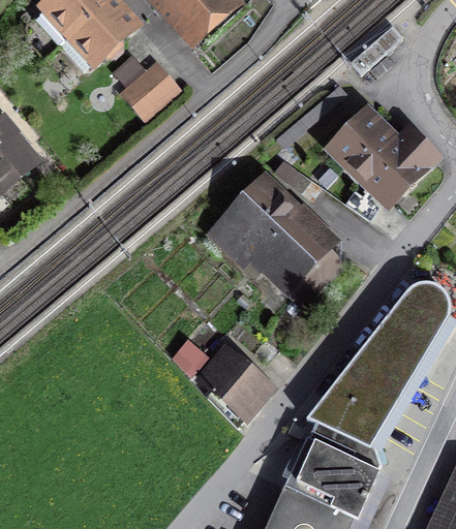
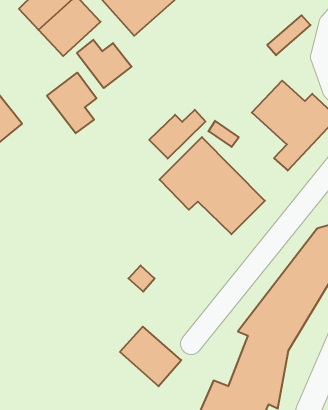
building: none -> [47,73,96,133]
building: none -> [149,110,205,159]
building: [195,351,273,427] -> [120,327,181,386]

